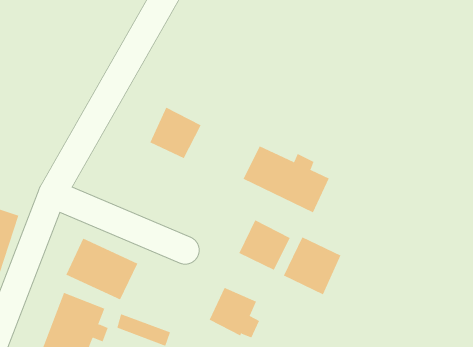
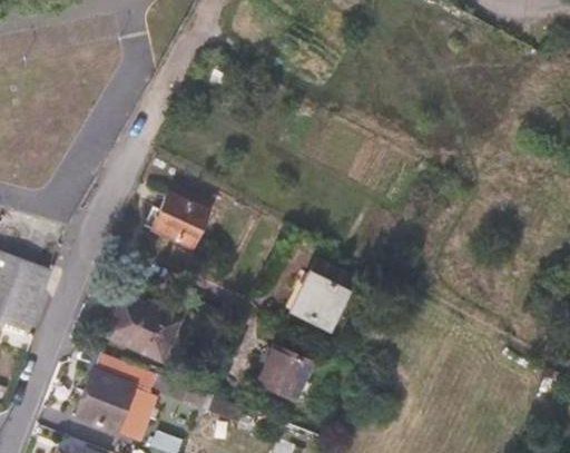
building: [149,107,202,159] -> [154,193,210,249]
building: [243,145,329,213] -> none
building: [283,237,341,295] -> none

